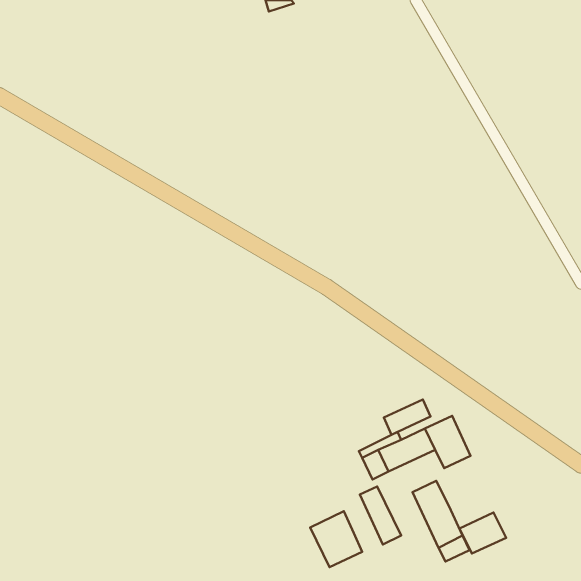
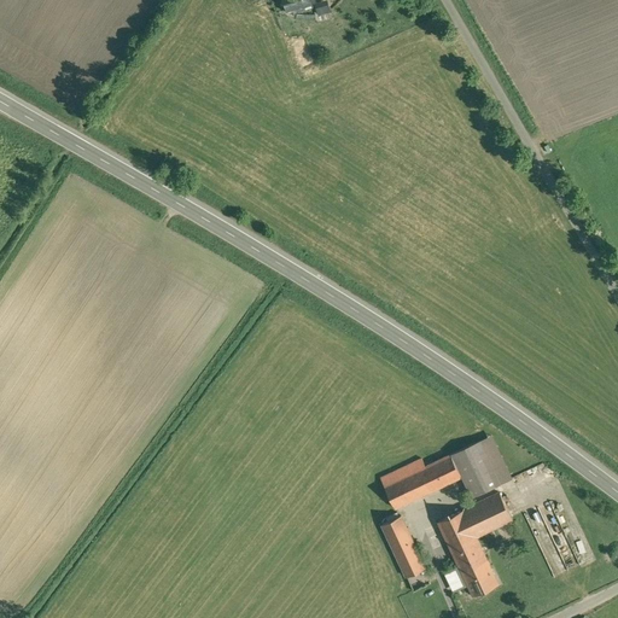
building: [384,399,431,435] -> none
building: [310,511,362,567] -> none
building: [459,513,506,554] -> [462,494,512,537]

